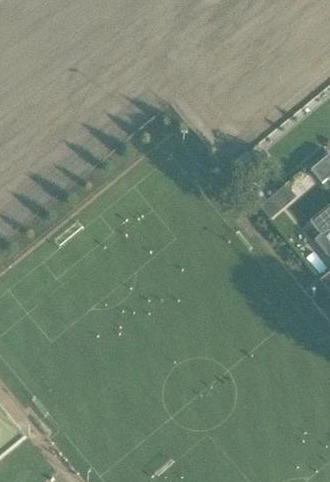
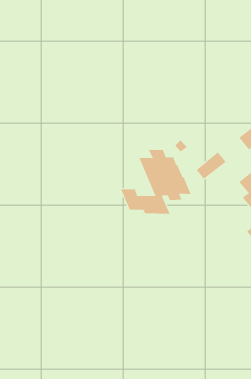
building: none -> [120,149,192,214]

